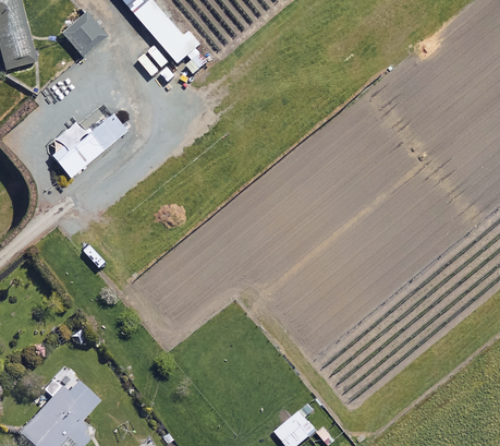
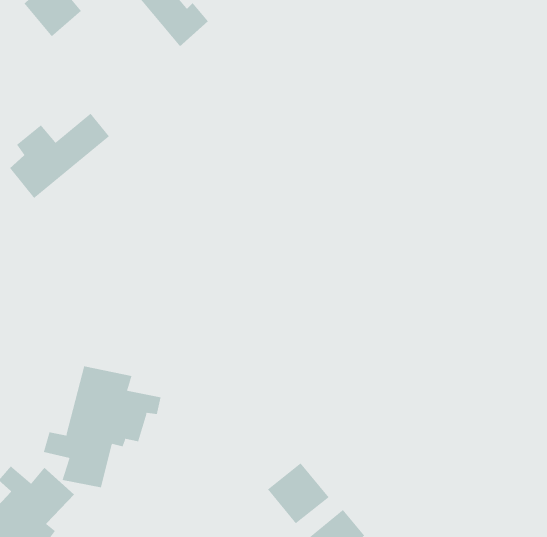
building: none -> [43,366,161,488]
building: none -> [267,462,329,524]

